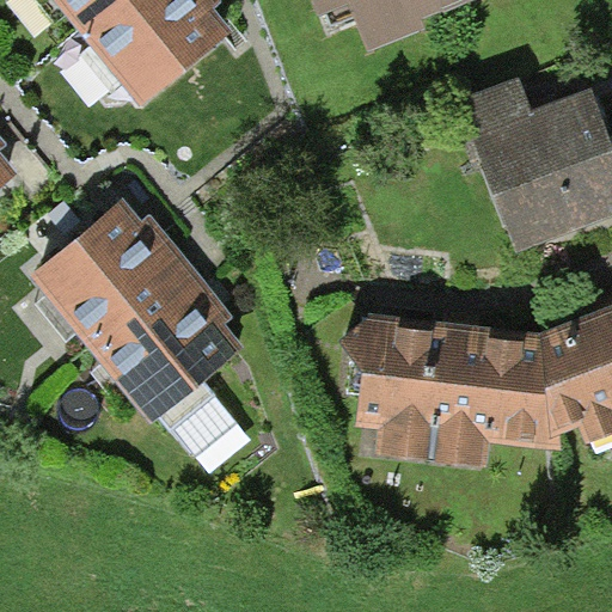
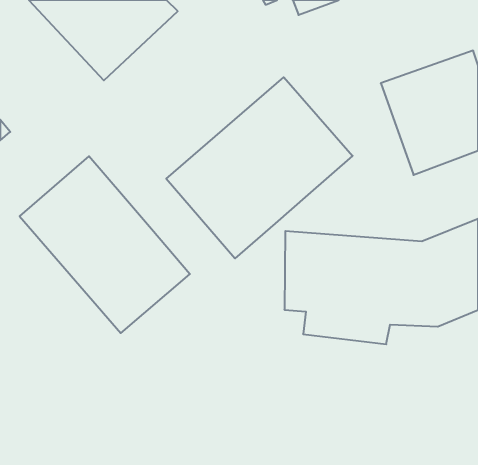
building: none -> [166,77,353,258]

